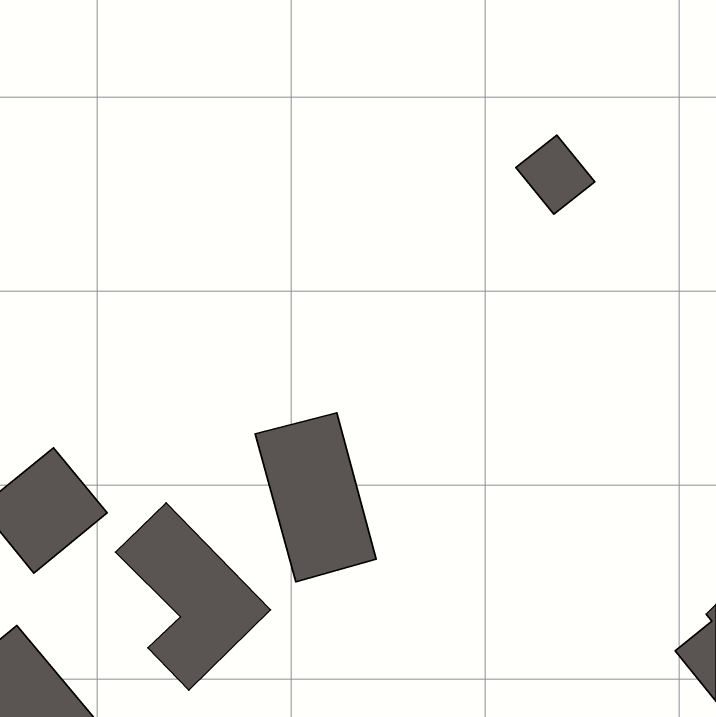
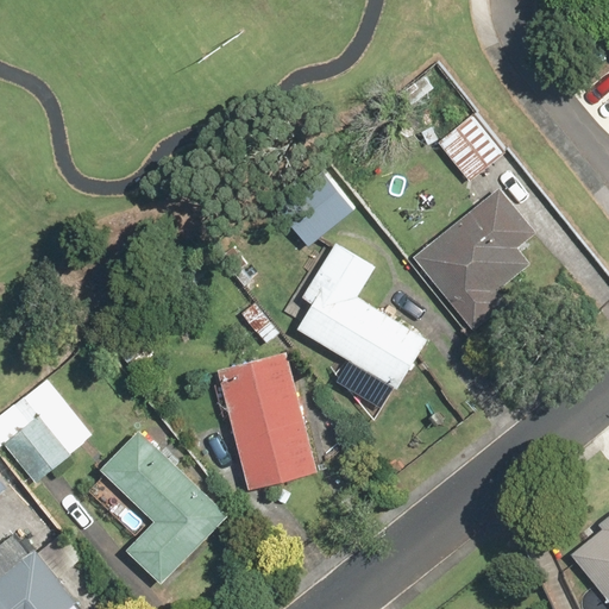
building: none -> [285,182,353,249]
building: none -> [412,189,532,332]
building: none -> [295,244,429,393]

